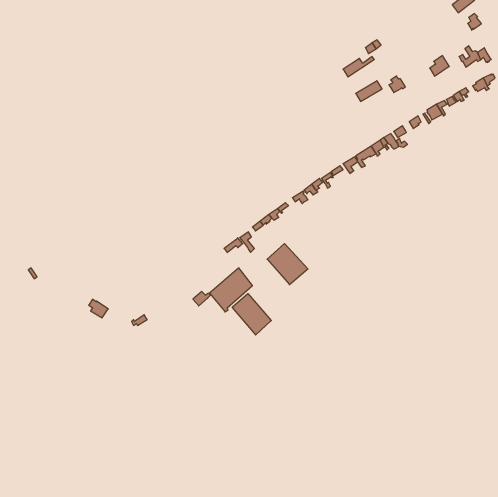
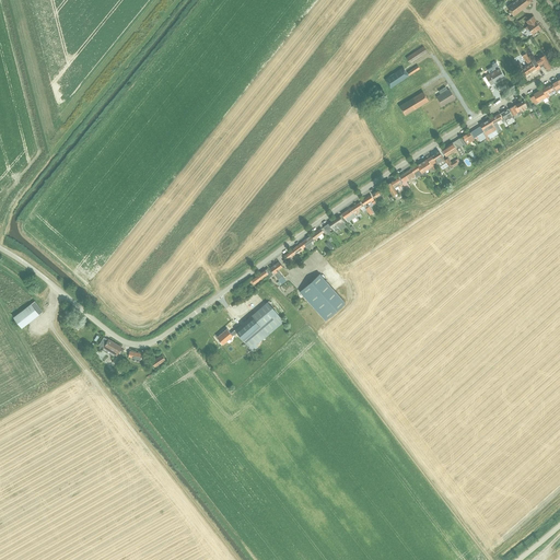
building: [232,294,271,335] -> none

